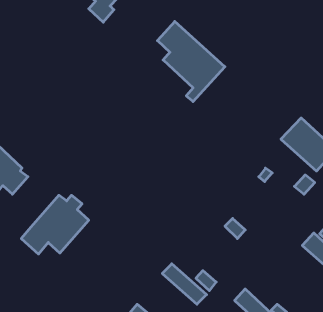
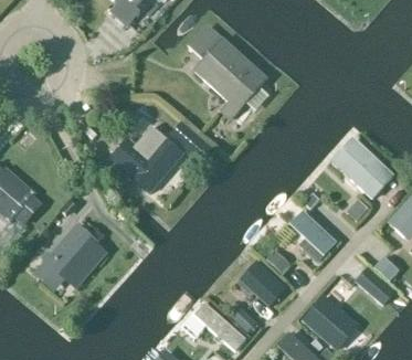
building: none -> [104,121,183,191]
building: none -> [289,209,337,261]
building: none -> [240,260,286,305]
building: none -> [304,295,358,347]

